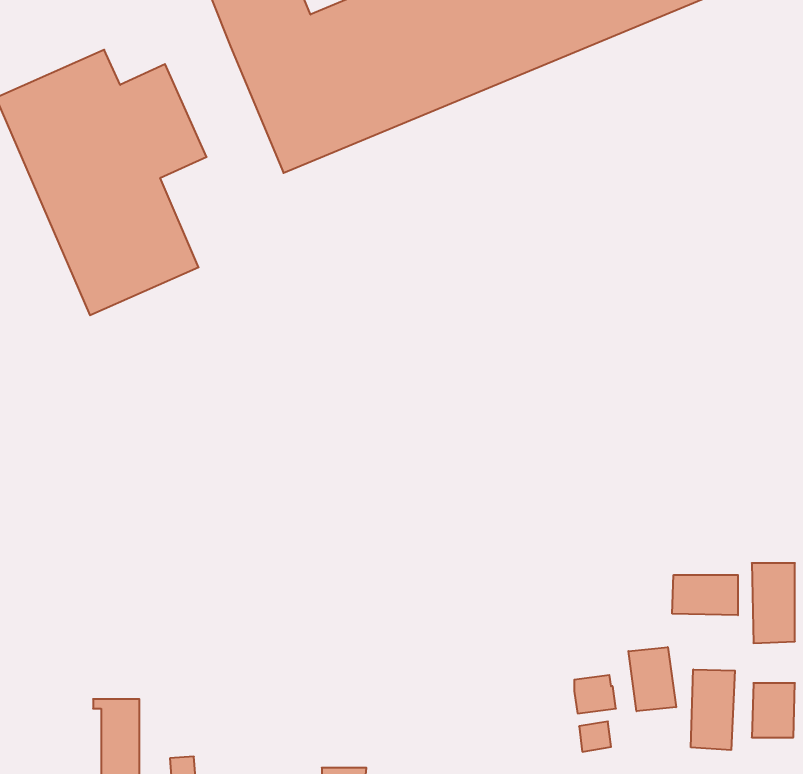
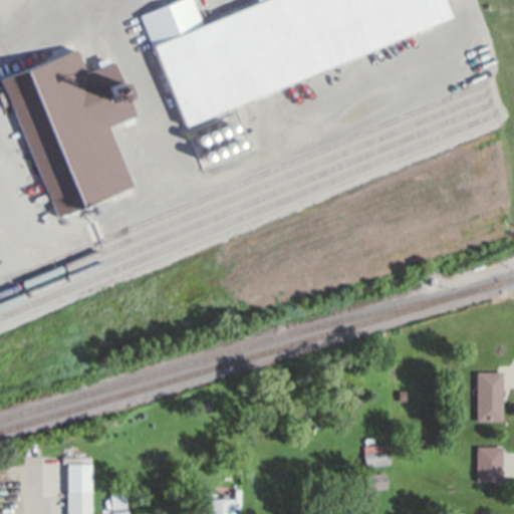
building: [672,575,738,615] -> none
building: [628,647,676,711] -> none
building: [691,669,735,750] -> none

